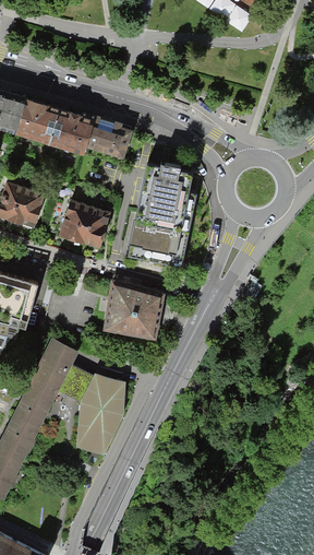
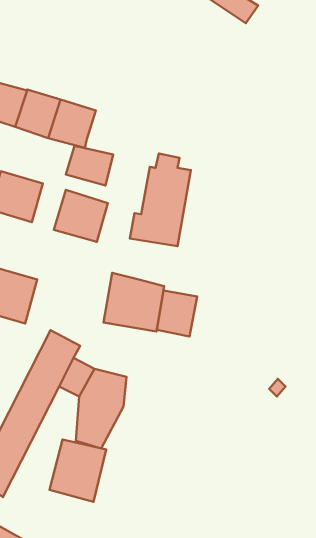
building: [87,120,134,160] -> [66,146,113,185]
building: none -> [157,290,197,336]
building: none -> [50,440,106,502]

